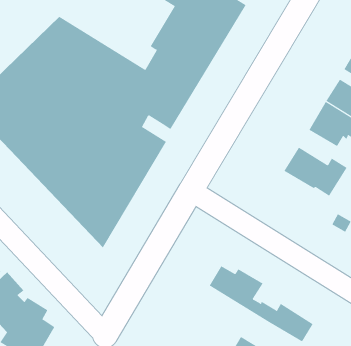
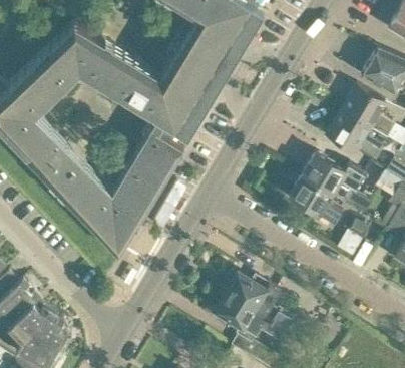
building: none -> [290,177,342,224]
building: none -> [215,293,286,341]

